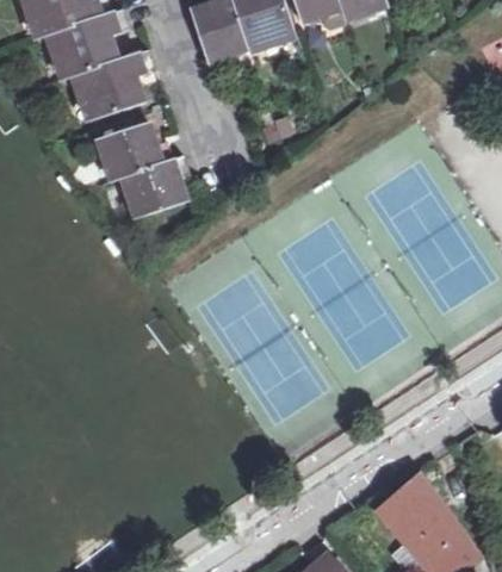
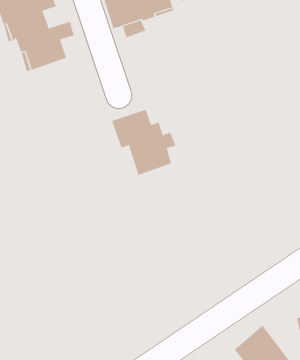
building: [99,124,190,217] -> [111,109,176,176]

